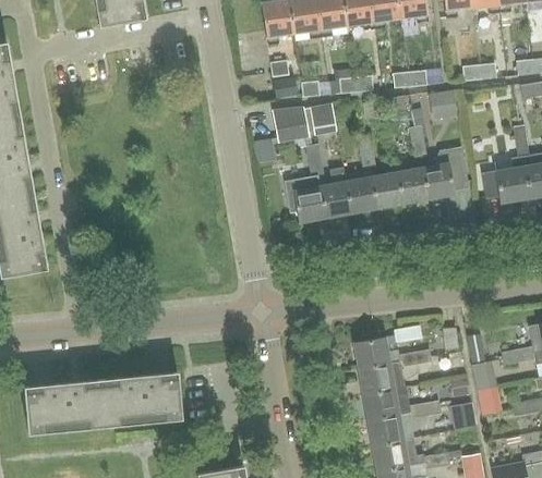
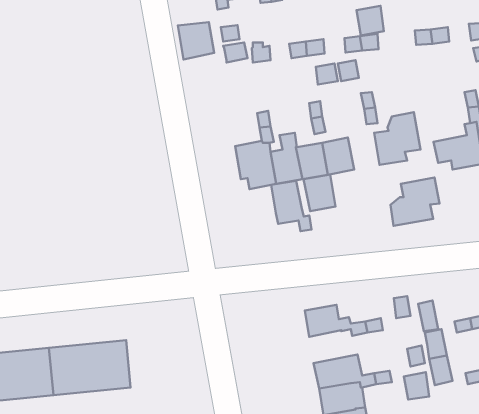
building: [429,91,456,121] -> [356,6,384,36]
building: [310,103,337,136] -> none
building: [273,107,309,144] -> [178,22,214,60]
building: [396,168,427,204] -> [304,175,336,211]
building: none -> [390,178,440,226]
building: none -> [271,181,311,231]
building: [358,363,394,395] -> none

